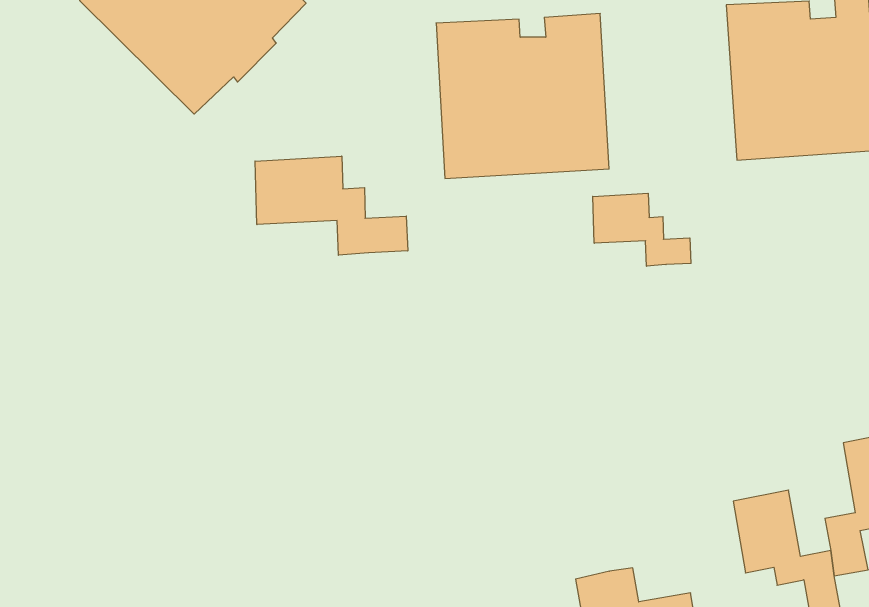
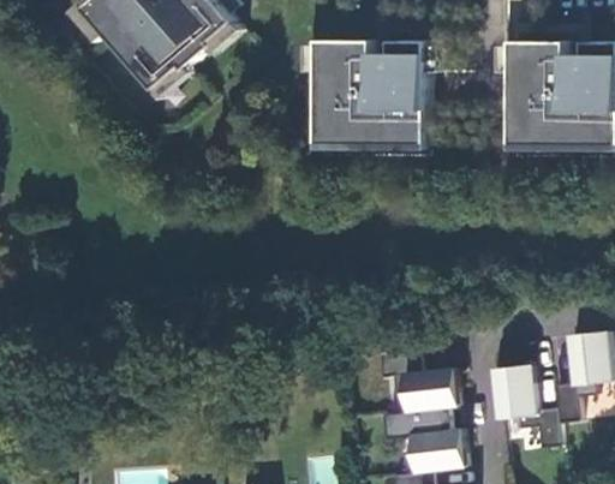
building: [255,156,408,255] -> none
building: [593,193,691,266] -> none
building: none -> [377,351,455,411]

